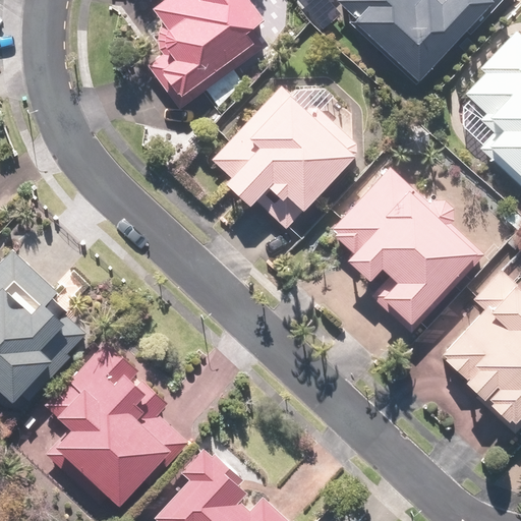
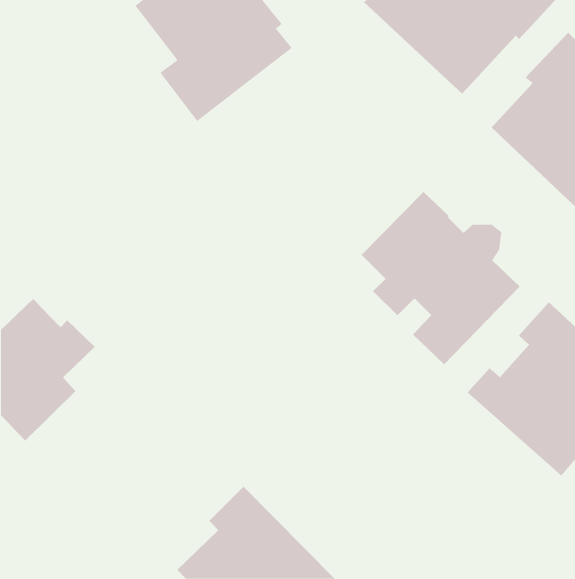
building: [213,88,352,229] -> none
building: [55,332,197,503] -> none

